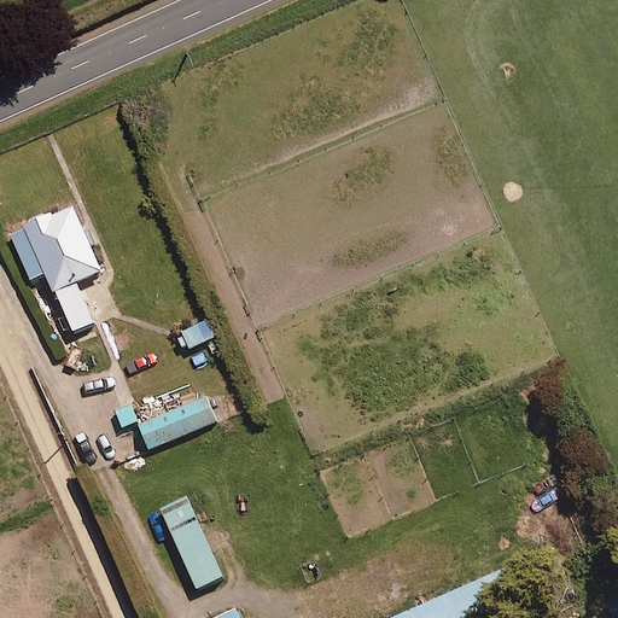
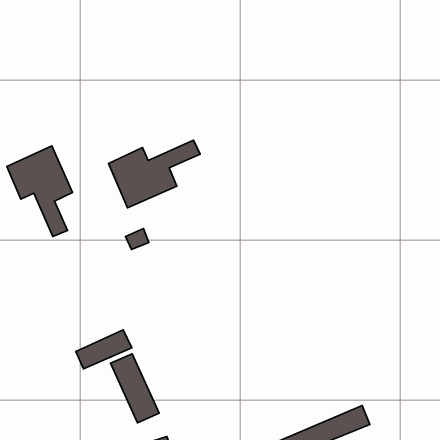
building: none -> [109,140,200,208]
building: [134,397,212,451] -> [76,330,132,369]

